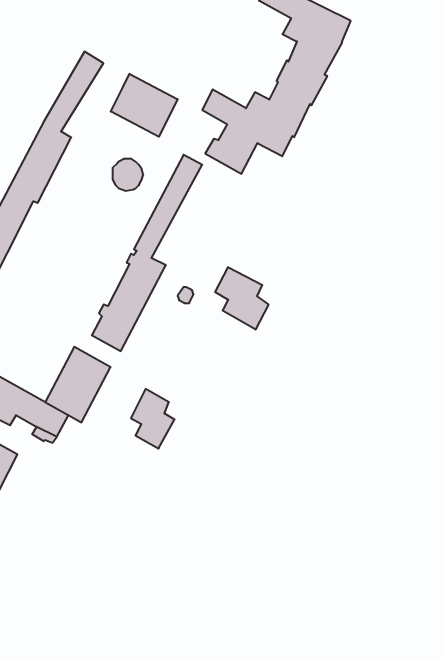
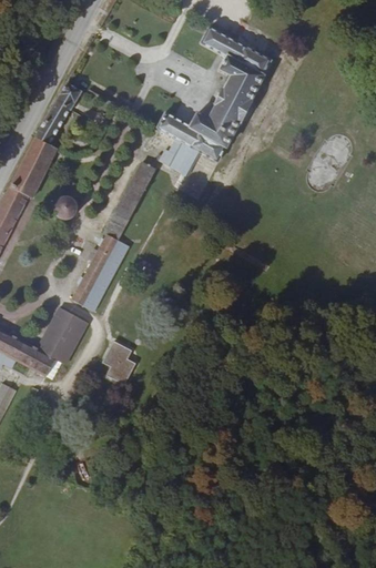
building: [111,74,178,137] -> none
building: [113,159,143,191] -> [54,195,78,220]
building: [215,267,268,330] -> none

